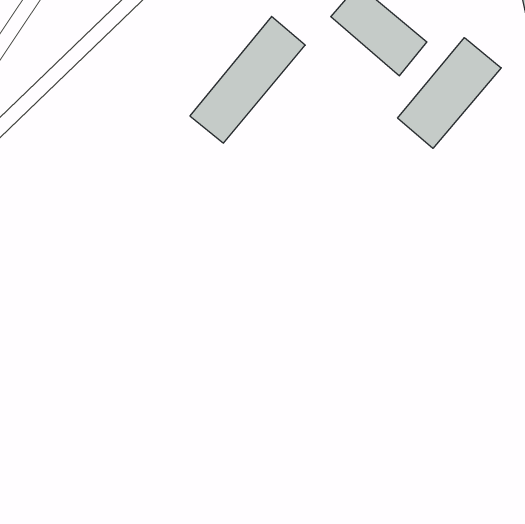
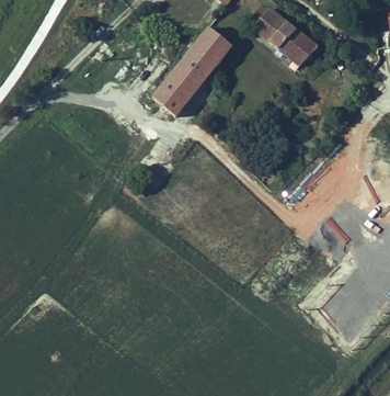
building: [398,38,501,148] -> none

